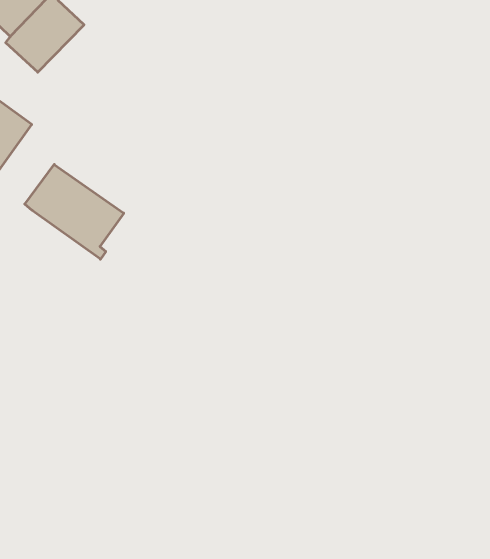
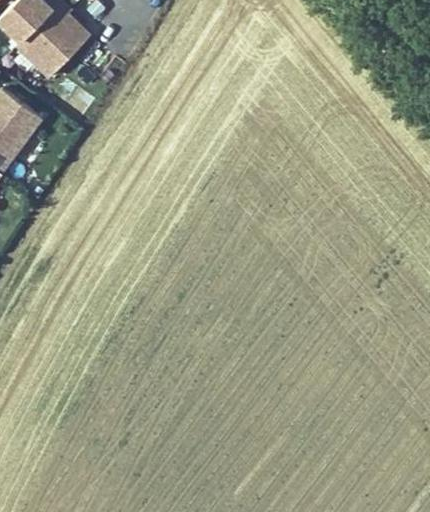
building: [25,164,124,259] -> none

